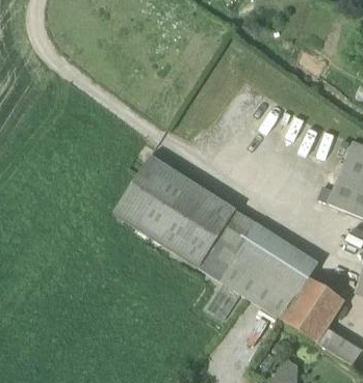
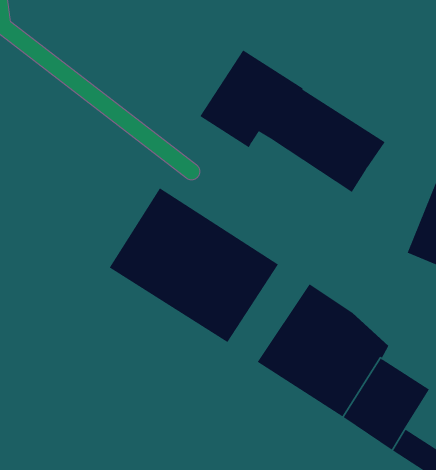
building: none -> [200,49,386,193]
building: [199,211,257,280] -> none

